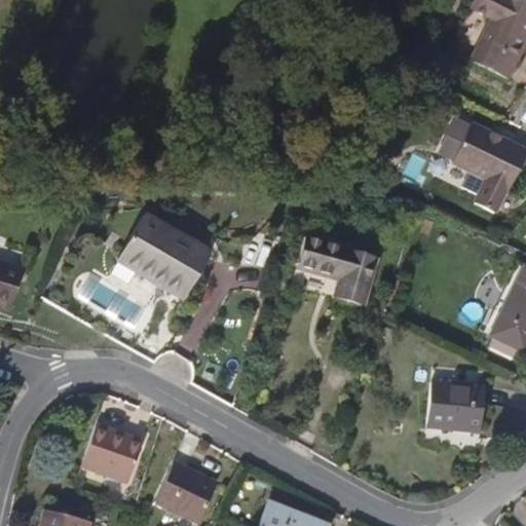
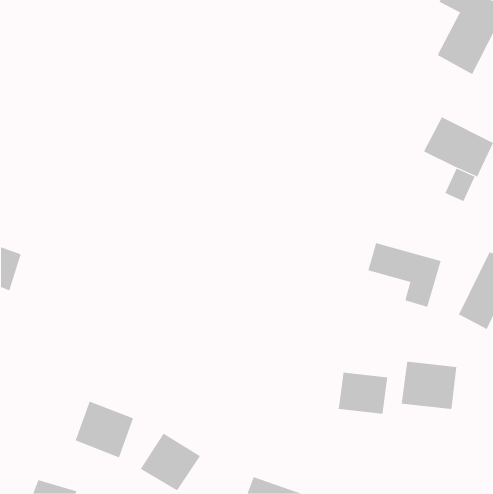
building: [117,218,211,301] -> none
building: [300,235,378,304] -> [368,242,441,307]
building: none -> [338,372,388,415]

